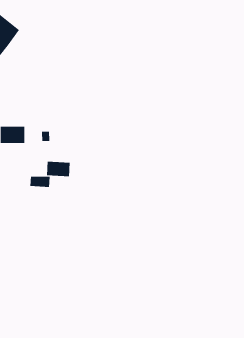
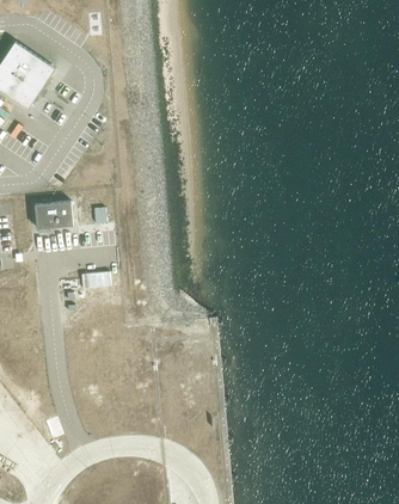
building: [47,161,70,177] -> none

